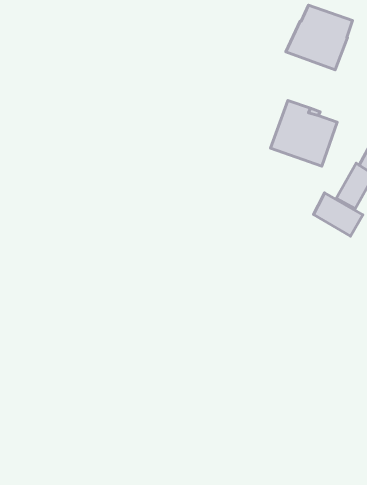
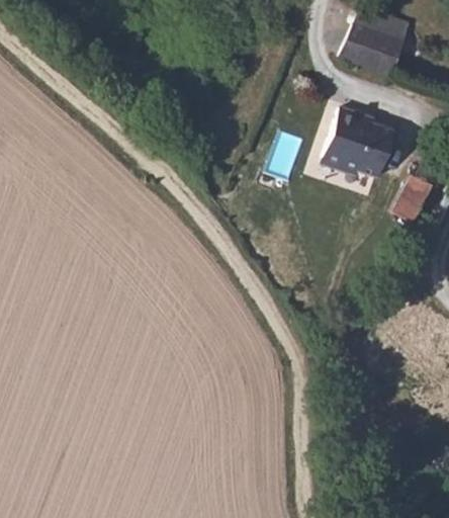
building: [313,193,363,236] -> none

